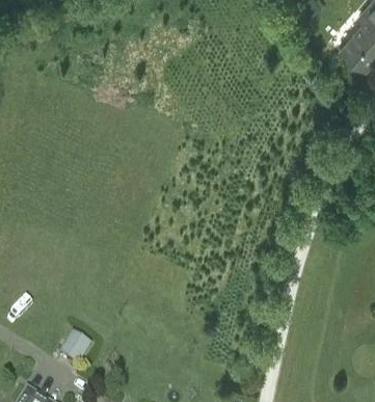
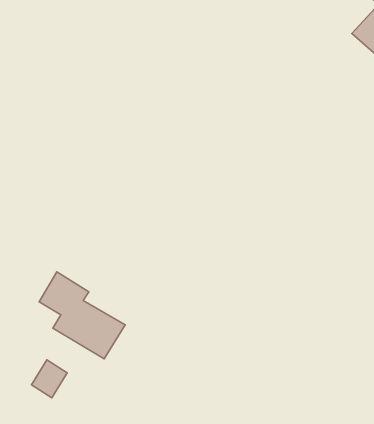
building: none -> [39,272,125,359]

